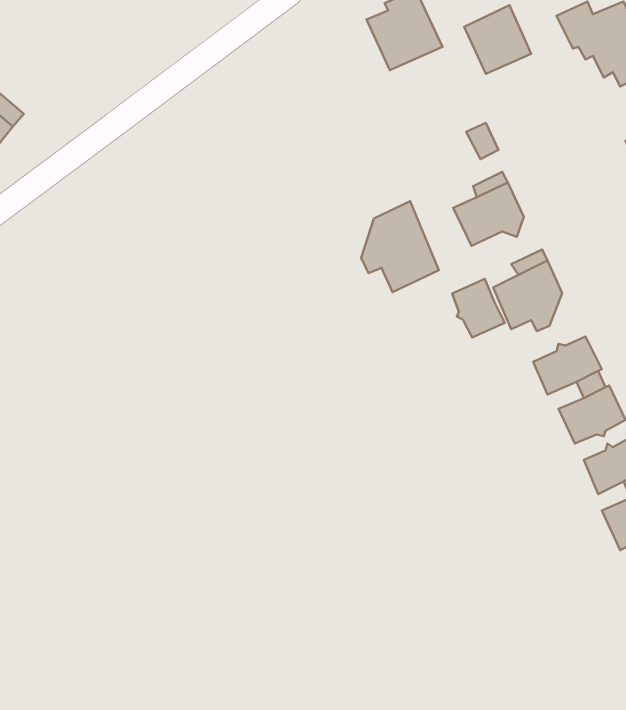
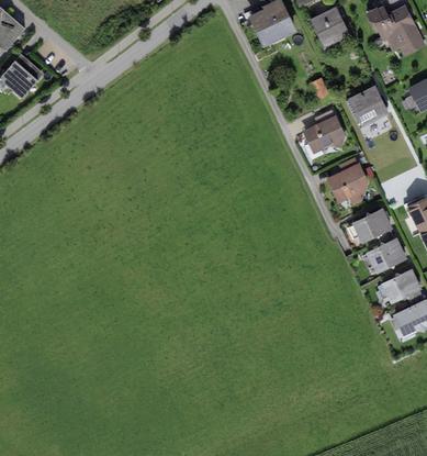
building: none -> [348,86,387,126]
building: [361,201,439,292] -> none
building: [452,279,505,338] -> none

